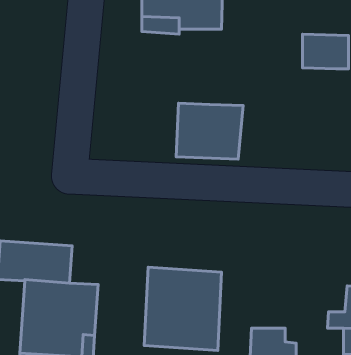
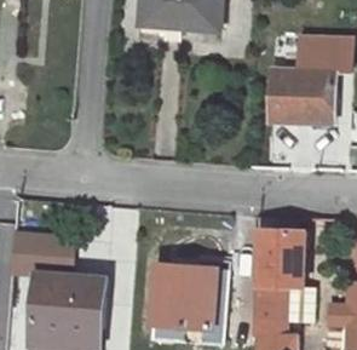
building: [176,103,243,159] -> [271,68,336,122]
building: none -> [254,231,313,322]

